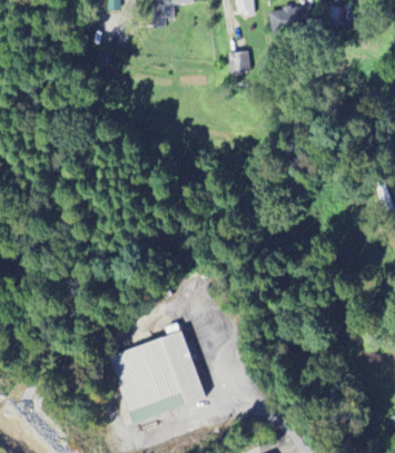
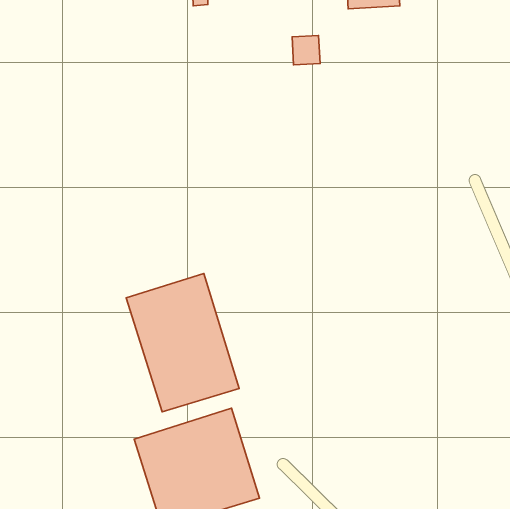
building: none -> [126,273,239,412]

